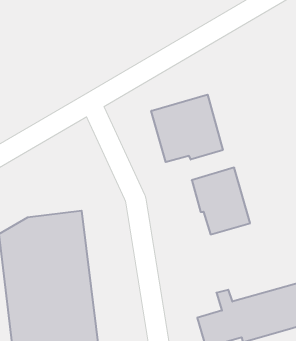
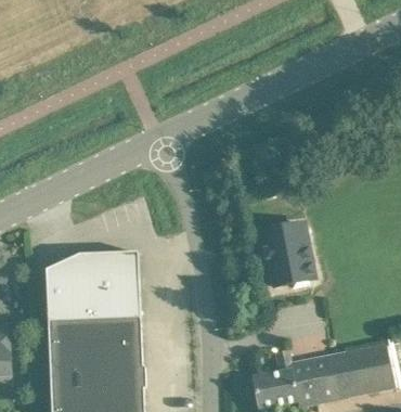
building: [151,95,223,162] -> none

